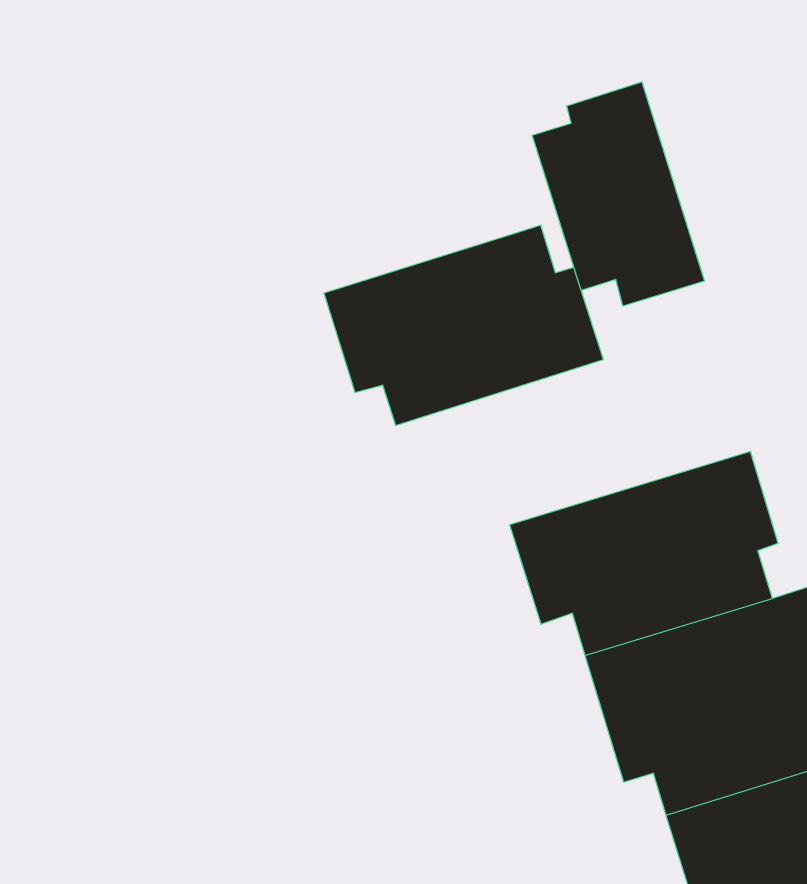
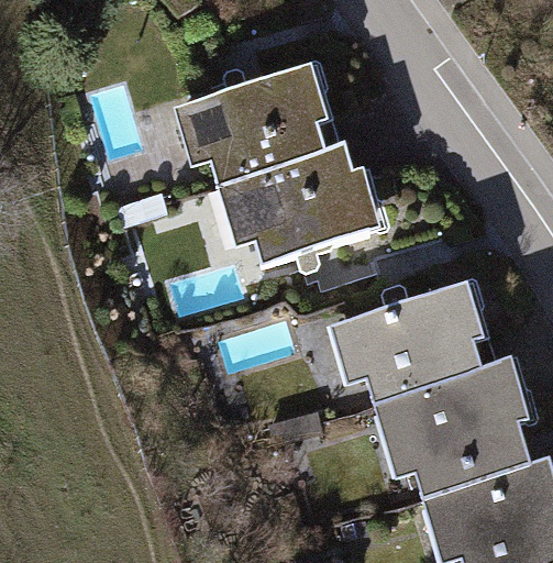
building: [532,82,705,306] -> none
building: none -> [172,60,335,186]

